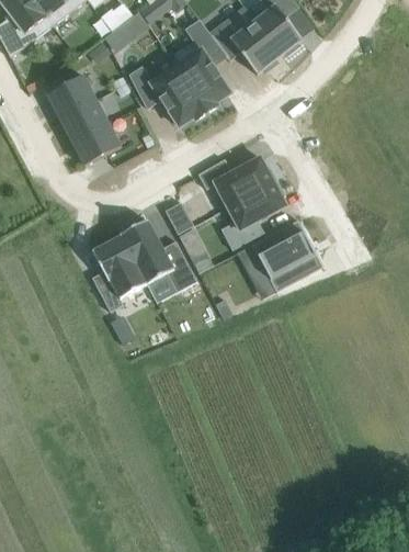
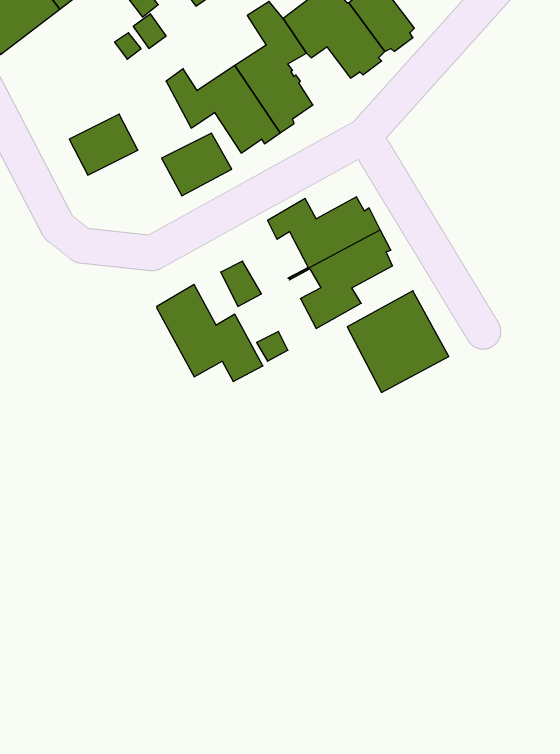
building: [46,72,94,116] -> none
building: [72,124,122,168] -> [162,133,232,196]
building: [92,235,147,311] -> none

